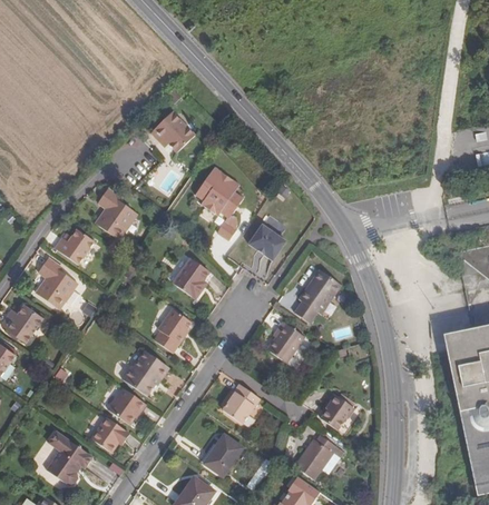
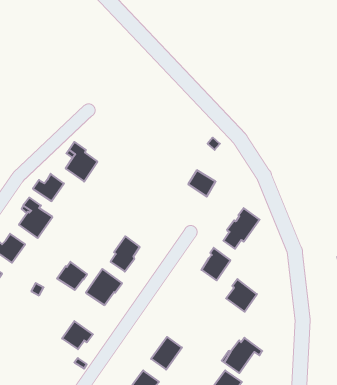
building: [150,110,194,151] -> none
building: [194,167,242,241] -> none
building: [172,257,208,297] -> none
building: [222,383,257,423] -> none
building: [107,386,145,422] -> [57,262,87,290]
building: [322,394,361,435] -> [226,279,257,312]
building: [46,430,92,484] -> none

